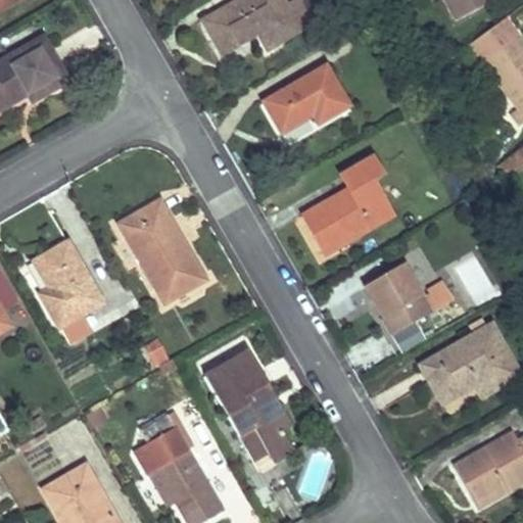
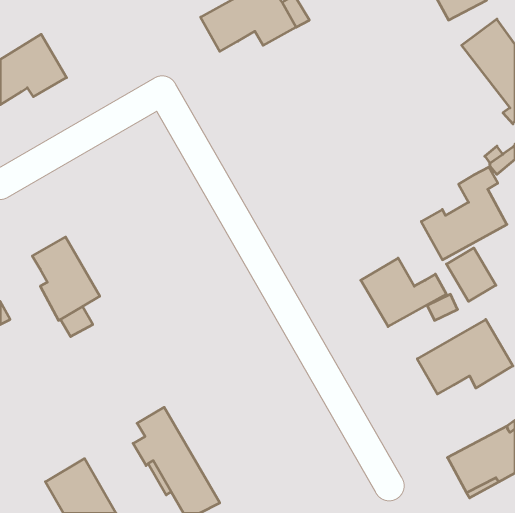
building: [267,64,349,129] -> none
building: [305,155,392,249] -> [421,167,507,260]
building: [118,198,205,302] -> none
building: [204,349,293,469] -> none

